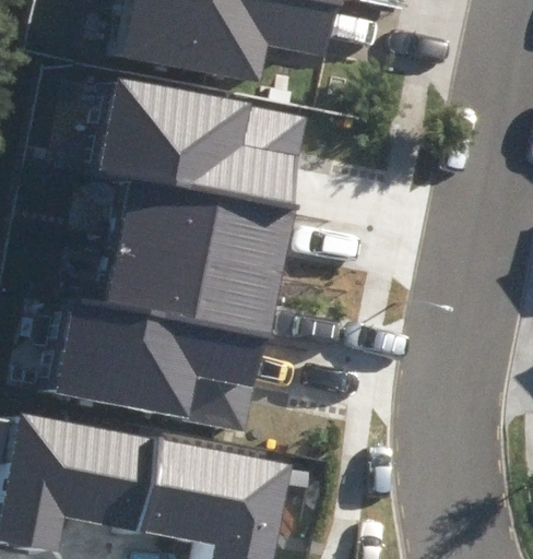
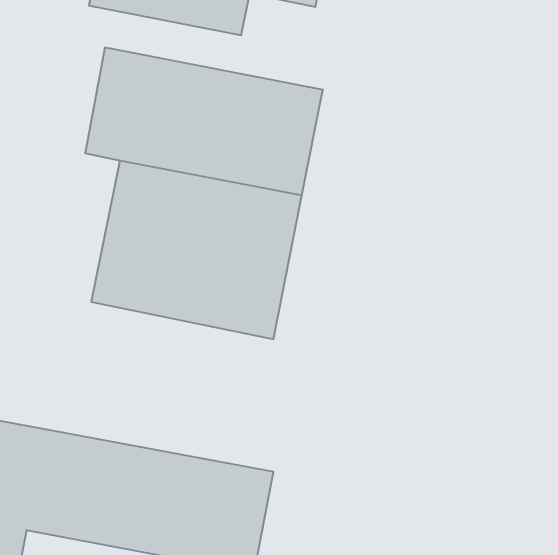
building: [55,301,266,435] -> none

